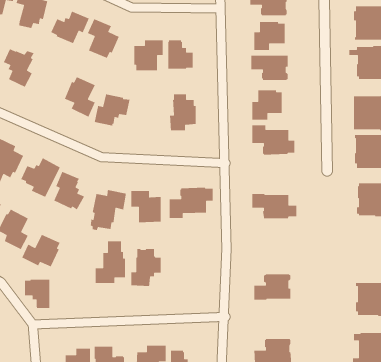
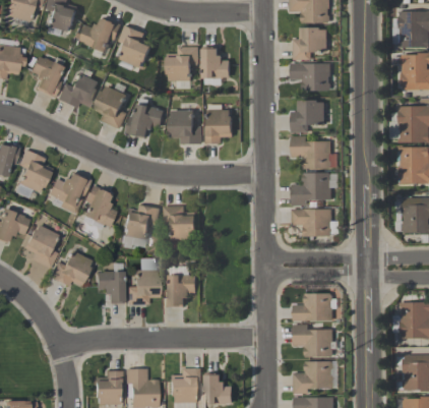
building: none -> [57,69,99,108]
building: none -> [171,110,202,143]
building: [169,187,213,219] -> [292,172,339,206]
building: [24,279,50,309] -> [97,272,124,303]
building: none -> [294,325,338,357]

